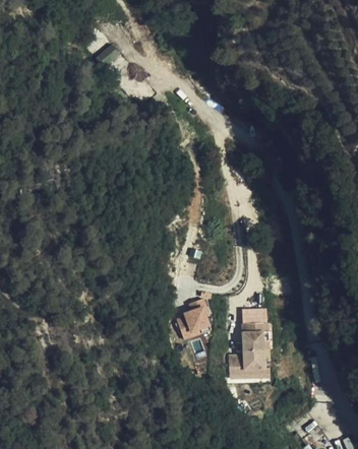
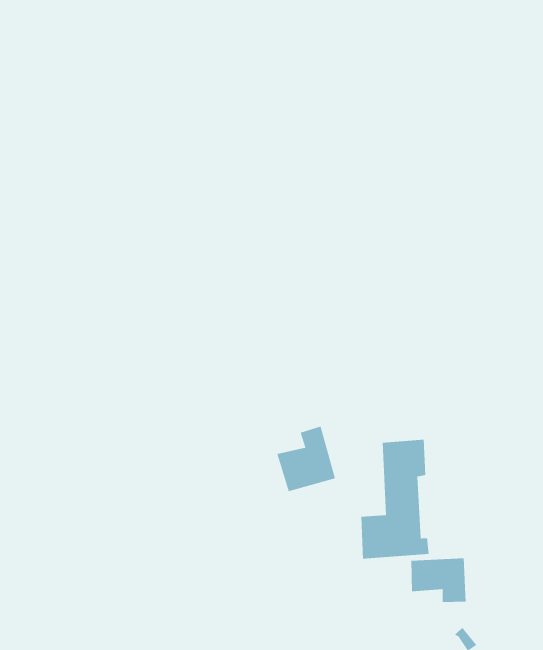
building: none -> [411,558,466,603]

